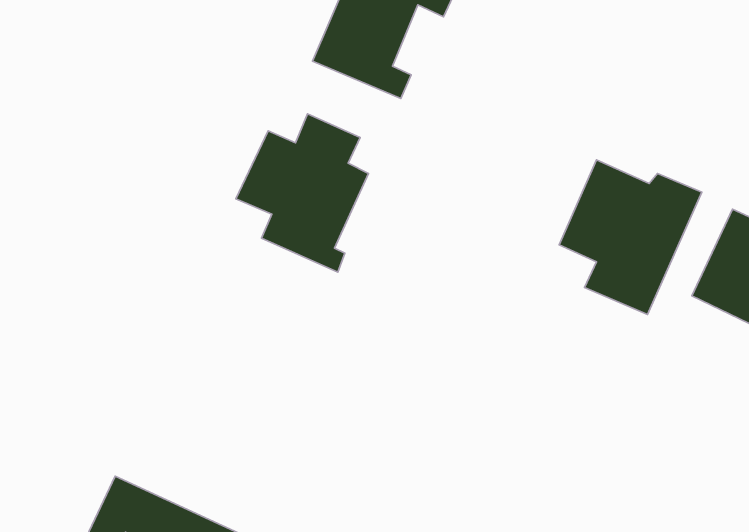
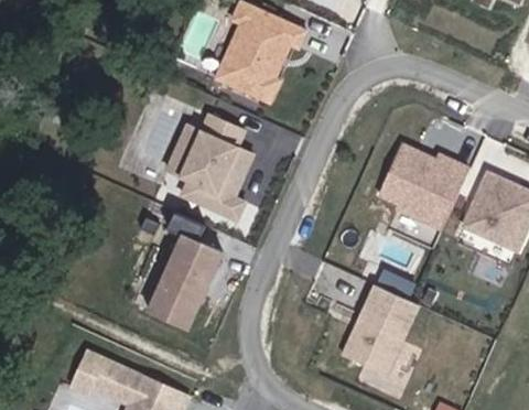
building: none -> [148,231,220,327]
building: none -> [343,285,419,377]

